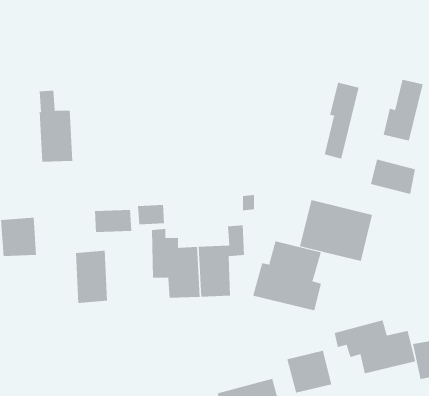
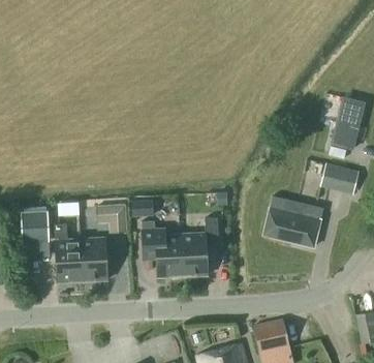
building: [324,82,359,159] -> none
building: [39,90,73,162] -> [54,223,82,282]
building: [253,240,322,311] -> none
building: [334,320,416,374] -> none

